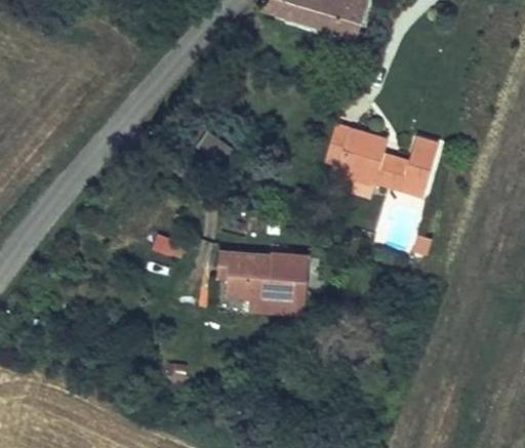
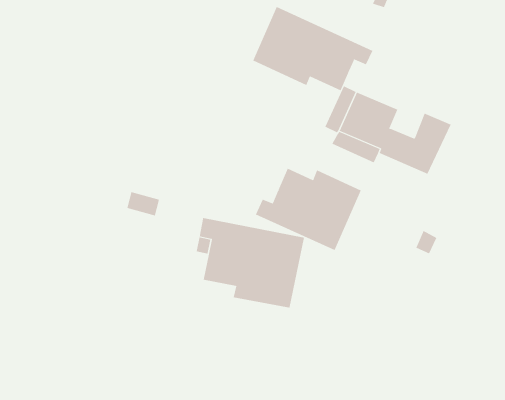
building: none -> [253,6,373,91]
building: none -> [255,168,362,251]

